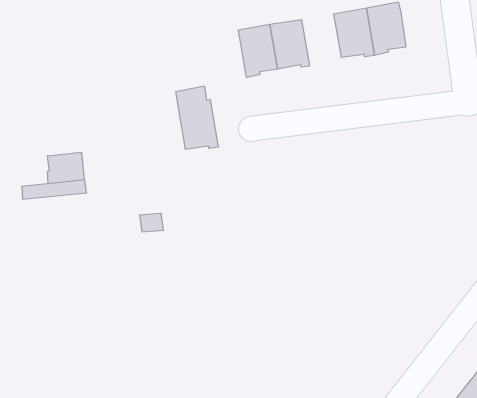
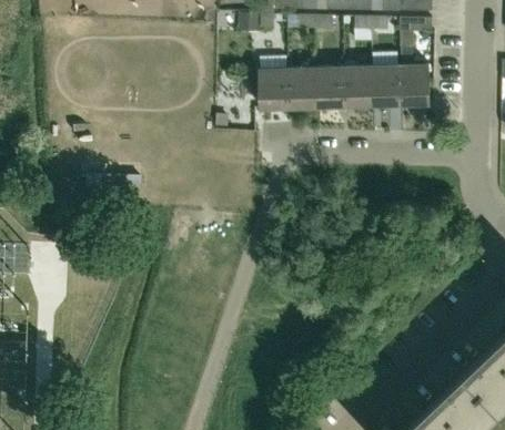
building: none -> [345,68,374,109]
building: [176,86,219,149] -> [261,58,291,111]
building: [47,152,84,184] -> none

